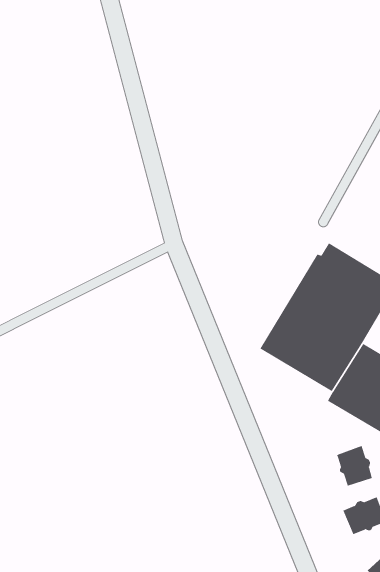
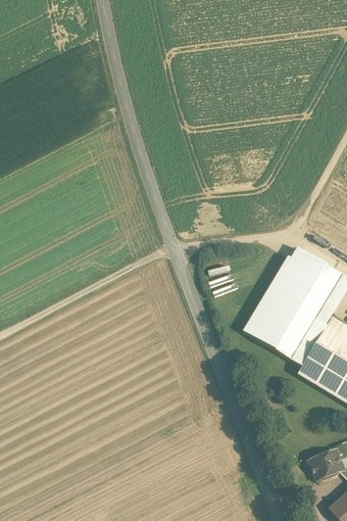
building: [336,445,373,486] -> none

